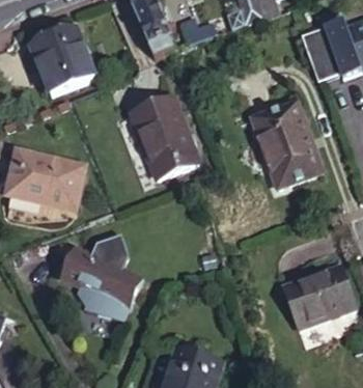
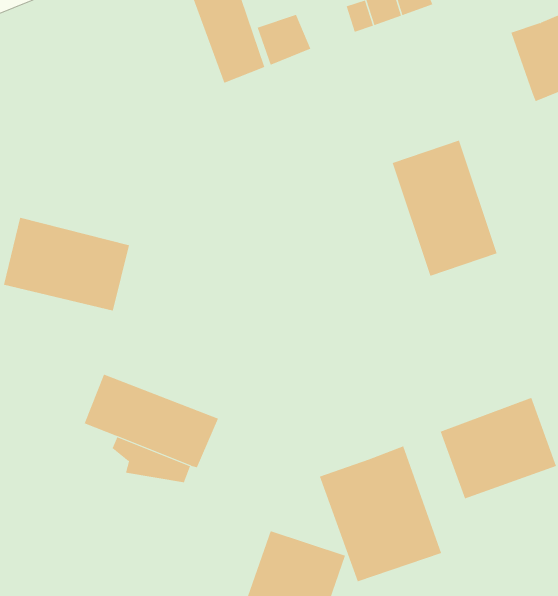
building: [300,18,348,80] -> none
building: [30,34,90,101] -> none
building: [130,98,196,177] -> none
building: none -> [319,446,442,582]

